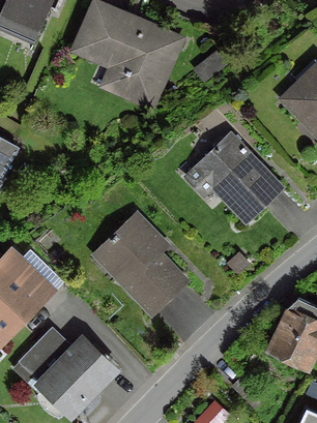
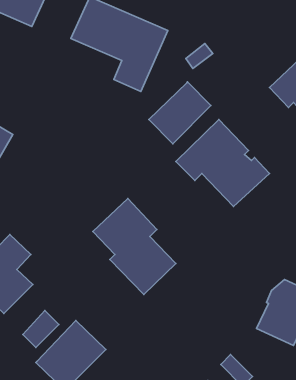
building: none -> [149,82,211,144]

